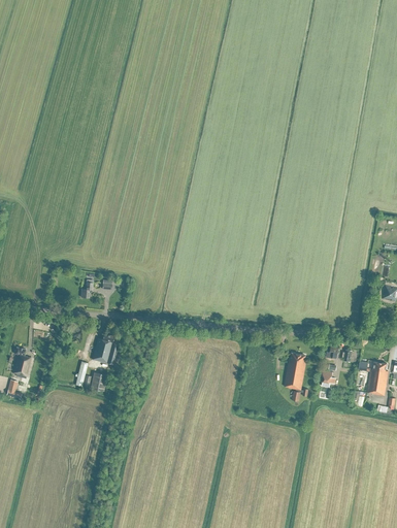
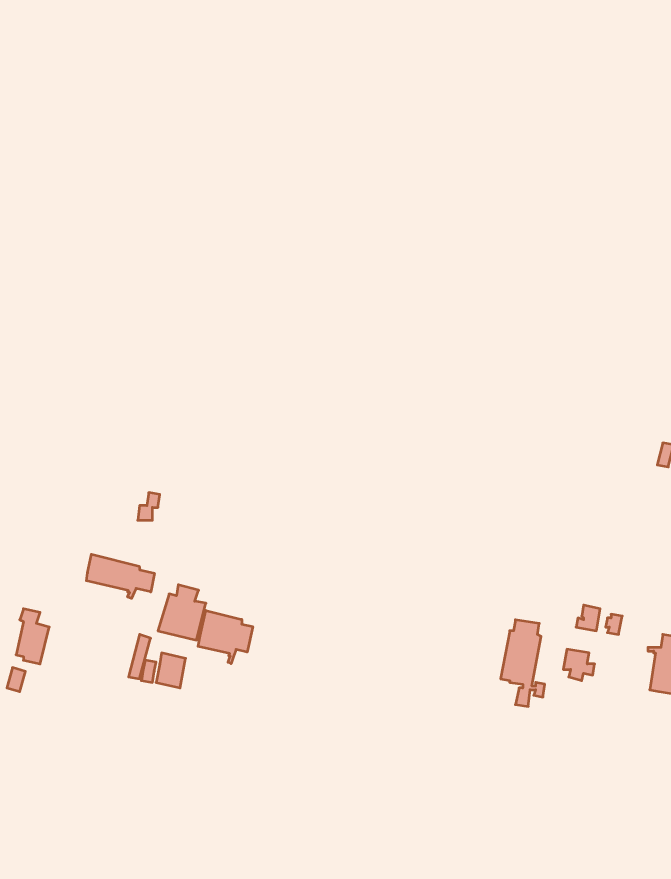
building: none -> [86,554,154,598]
building: none -> [198,610,253,664]

